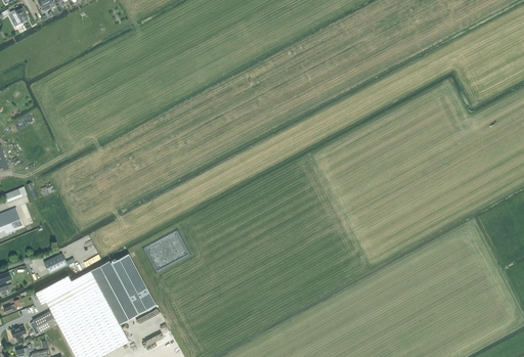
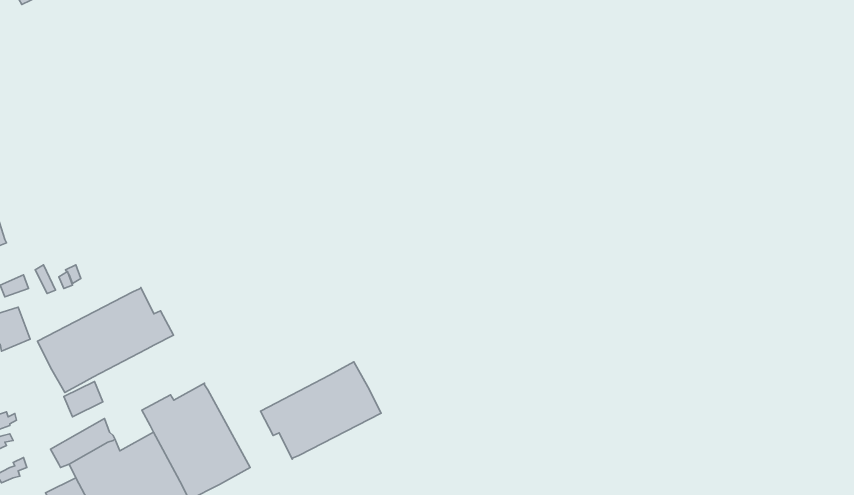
building: none -> [37,287,173,393]
building: none -> [260,362,381,459]

